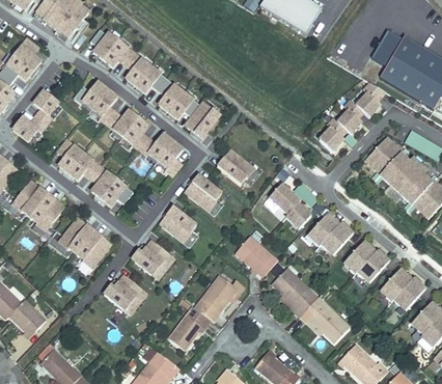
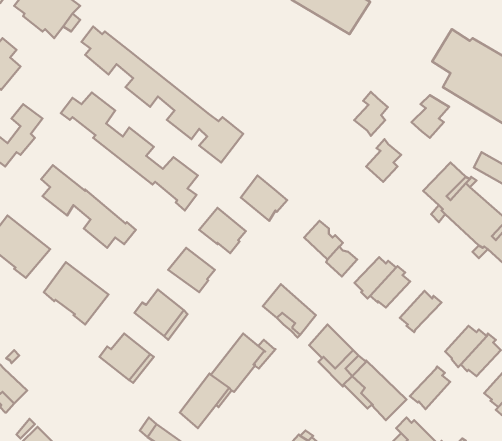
building: [335,100,362,135] -> [354,92,388,136]
building: [357,247,389,281] -> [410,366,450,409]

